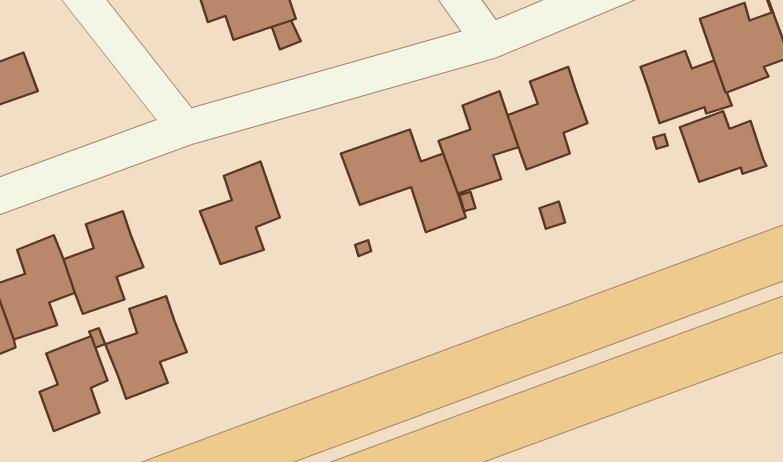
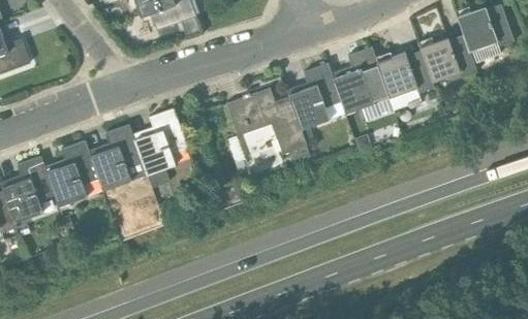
building: [680,111,766,182] -> [377,52,433,97]
building: [105,296,187,399] -> [90,124,143,190]
building: [39,336,107,431] -> none

